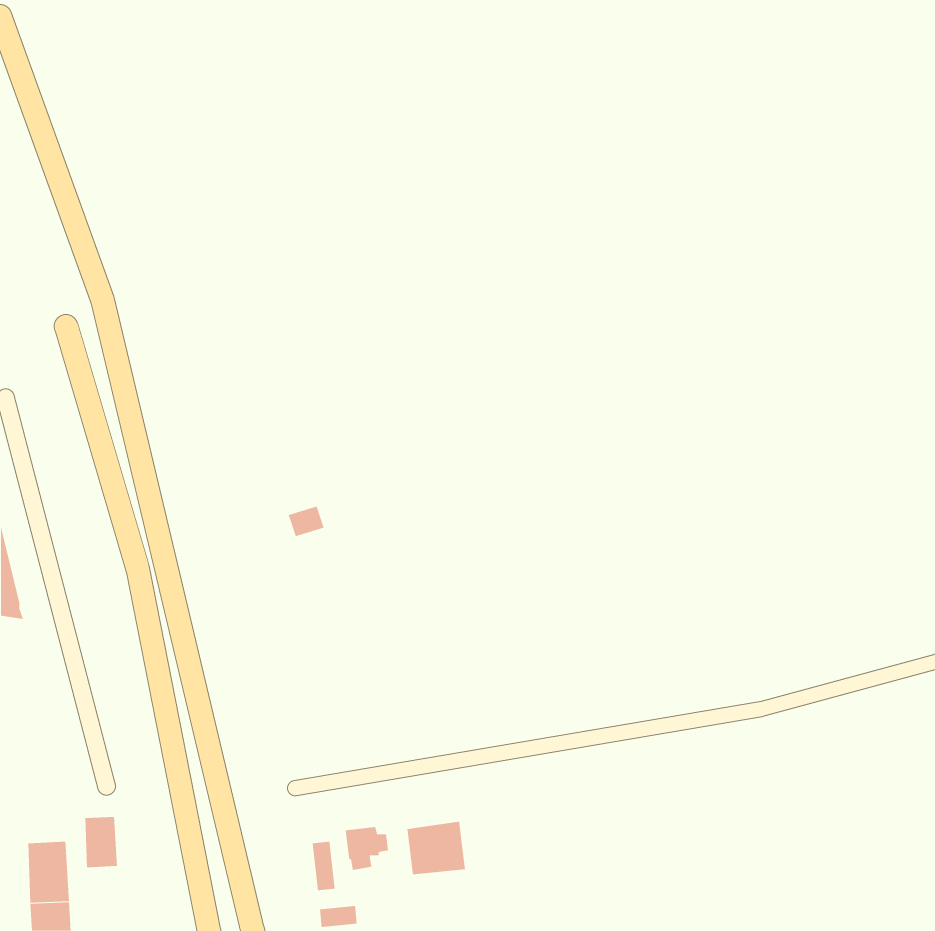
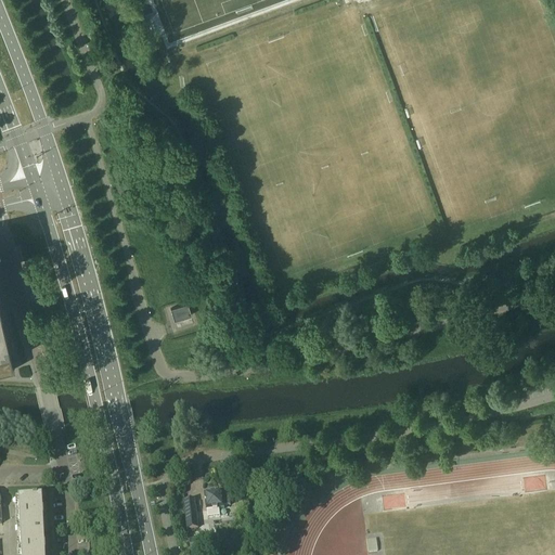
building: [85,816,118,868] -> none
building: [407,821,466,875] -> none

